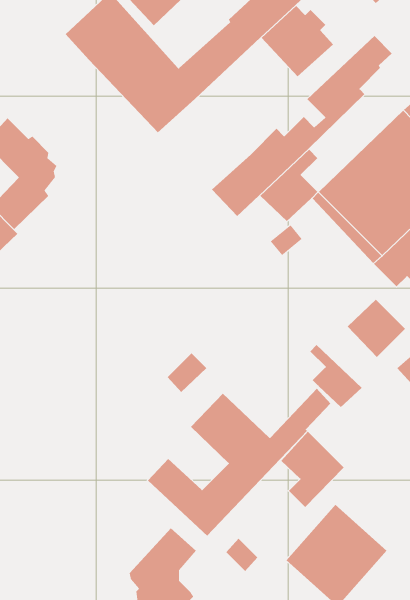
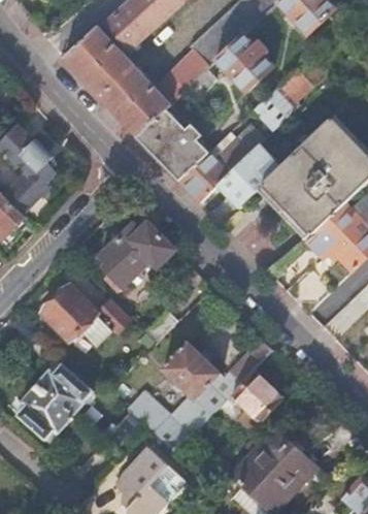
building: none -> [135,110,208,182]
building: none -> [103,224,176,291]
building: none -> [45,285,130,346]
building: [309,344,362,408] -> none
building: none -> [16,362,93,439]

